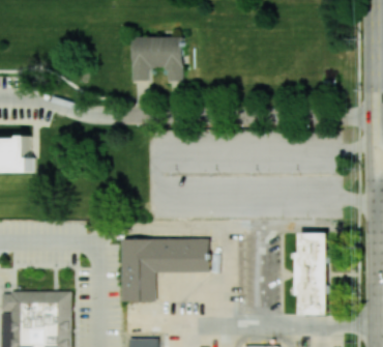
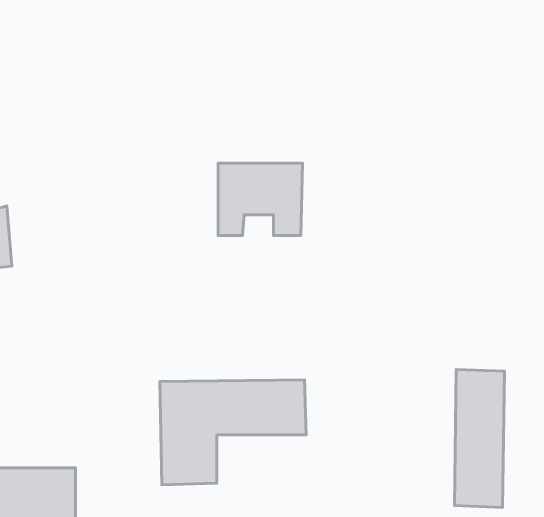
building: [131,36,182,80] -> [218,163,303,236]

